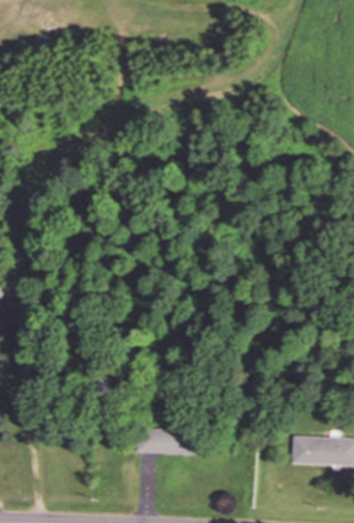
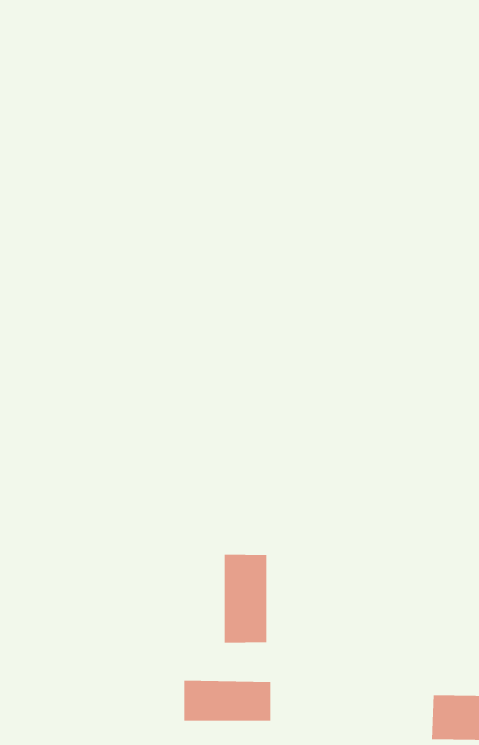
building: none -> [224,554,267,643]

